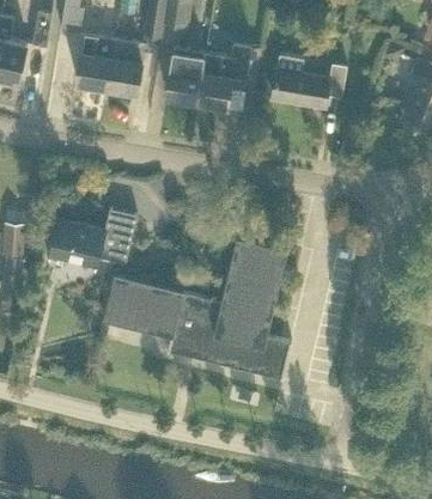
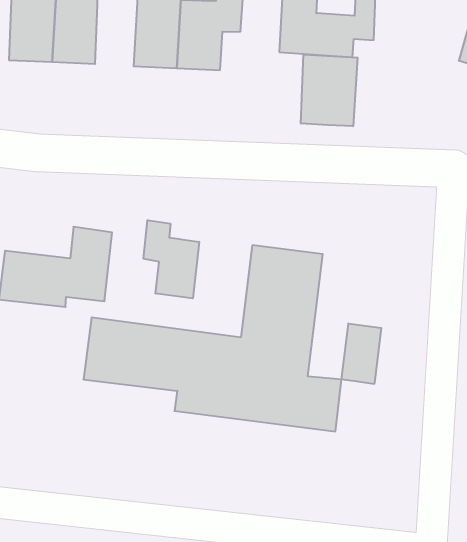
building: none -> [301,55,358,126]
building: none -> [144,220,199,298]
building: none -> [341,323,381,384]

